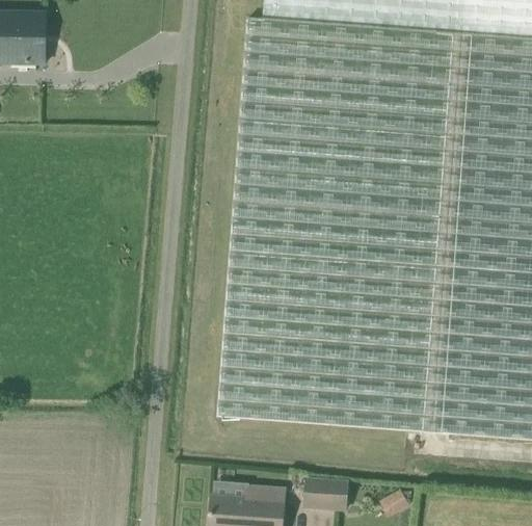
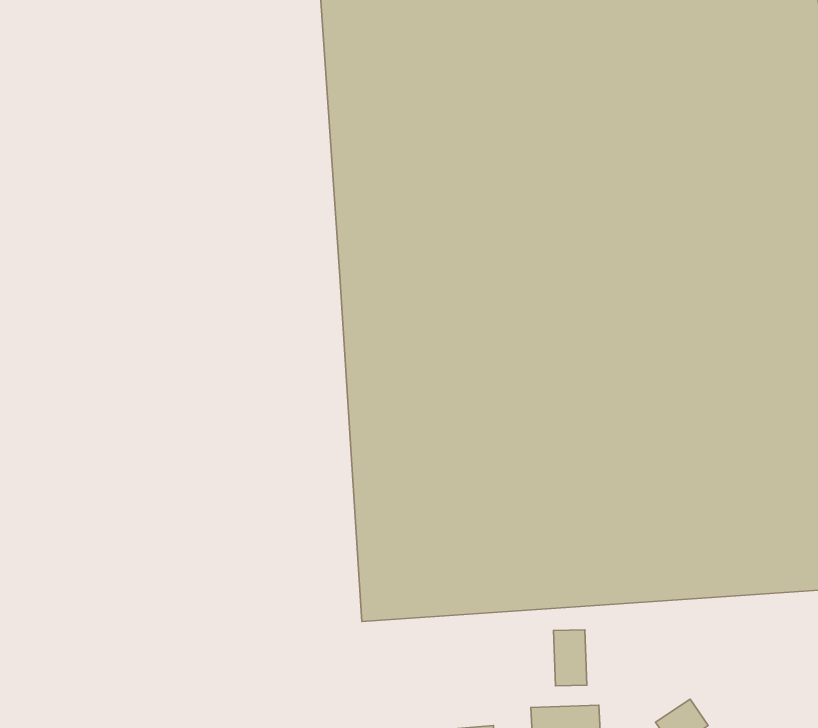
building: none -> [553,630,587,686]

